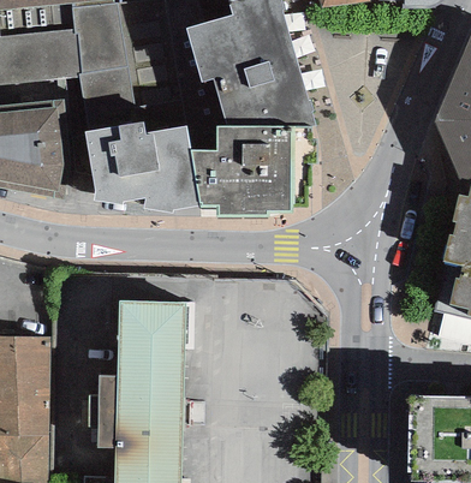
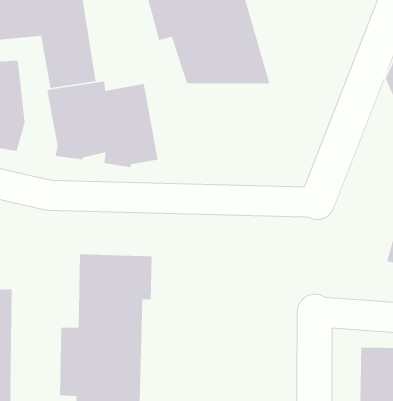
building: [190,126,292,216] -> none

